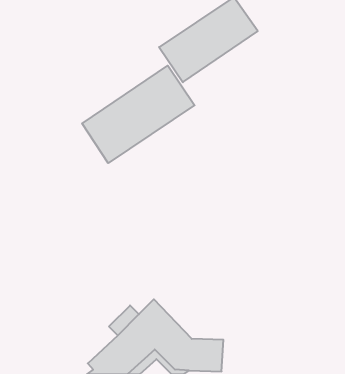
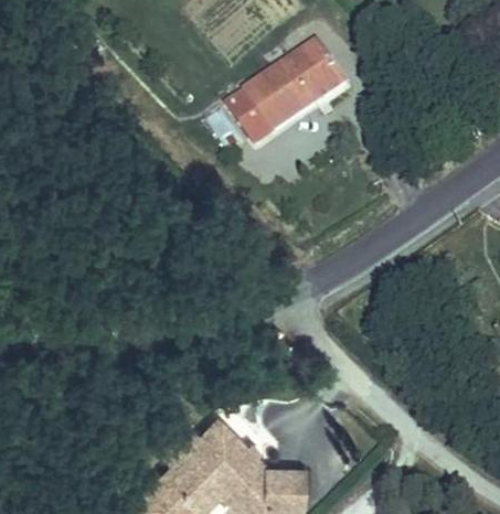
building: [82,66,195,163] -> none

